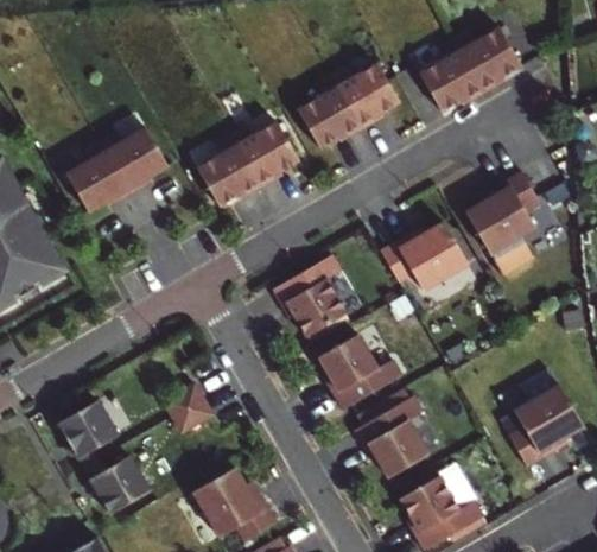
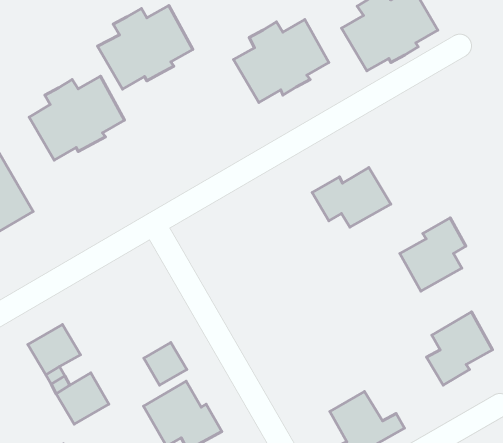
building: [190,112,298,207] -> [97,5,193,89]
building: [465,172,540,255] -> [400,218,466,291]
building: [273,254,347,336] -> none
building: [318,335,402,410] -> none
building: [164,383,212,432] -> [144,342,187,385]
building: [355,396,427,478] -> none

